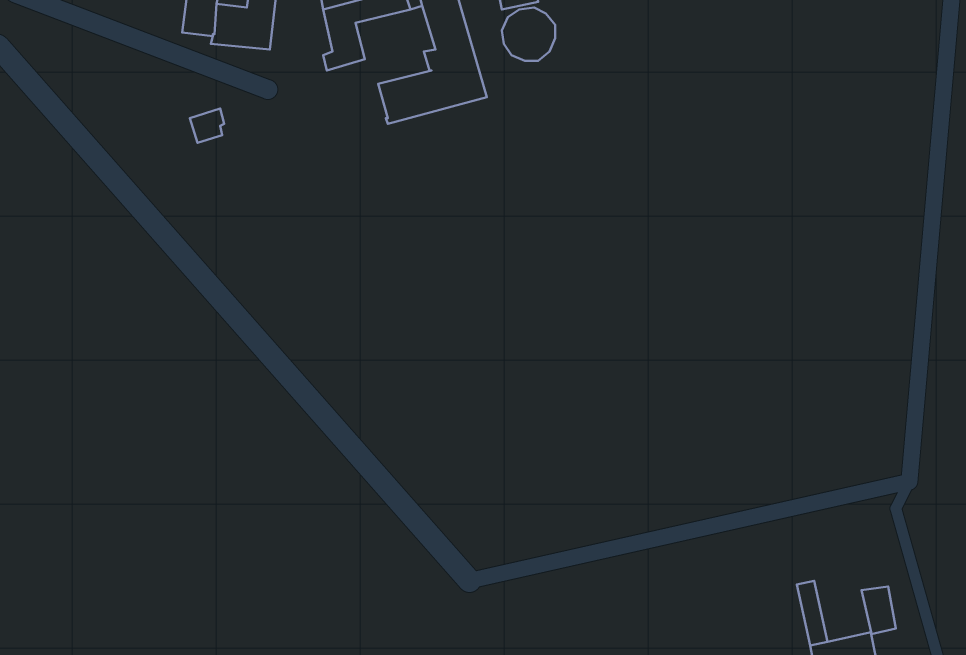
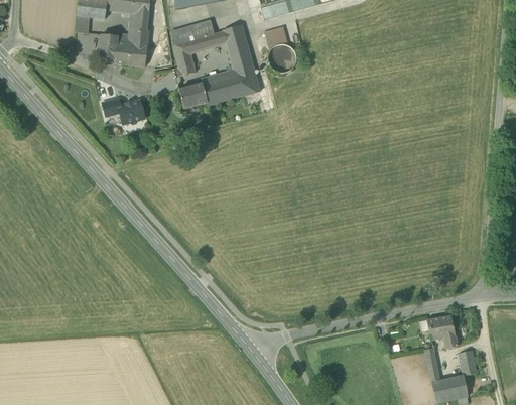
building: none -> [178,83,208,108]
building: none -> [119,100,144,123]
building: none -> [427,314,458,347]

